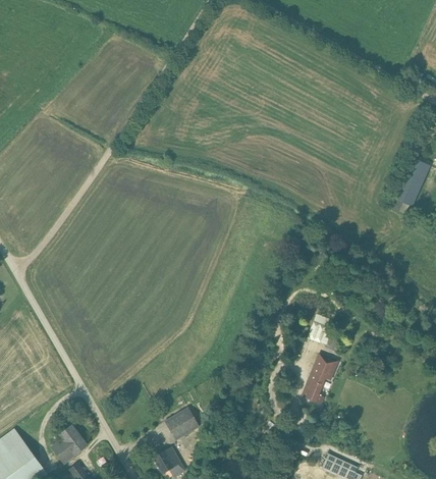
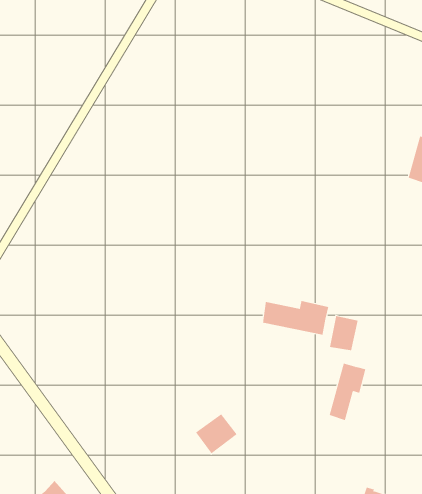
building: none -> [262,300,329,335]
building: [165,408,200,440] -> [195,414,237,454]

